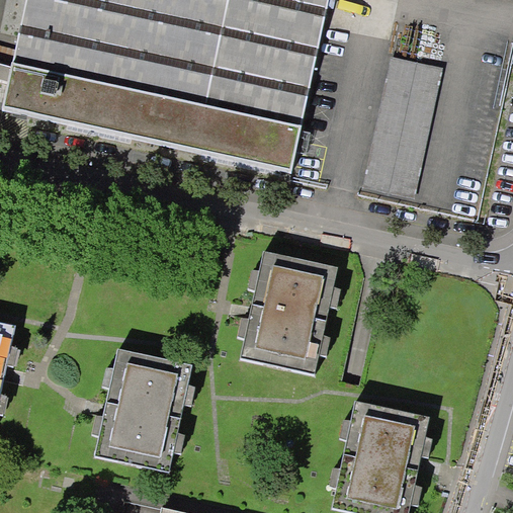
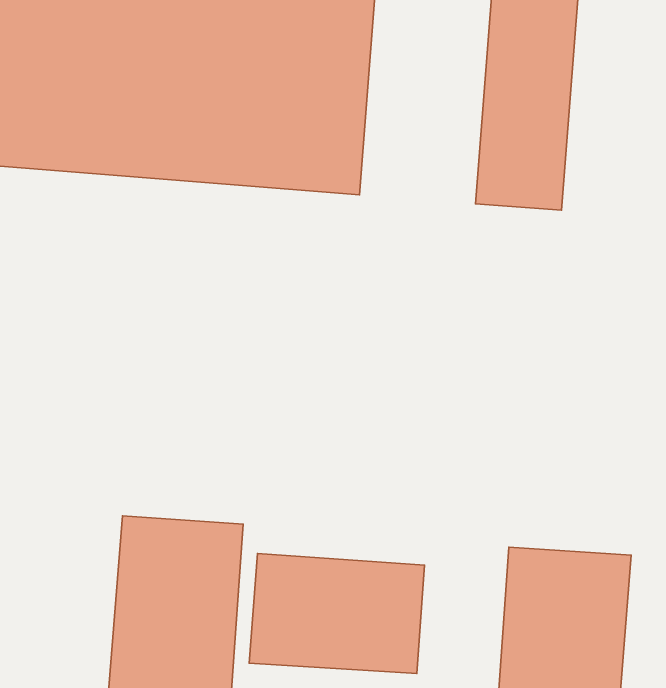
building: [241,251,338,374] -> none
building: none -> [249,554,425,674]

